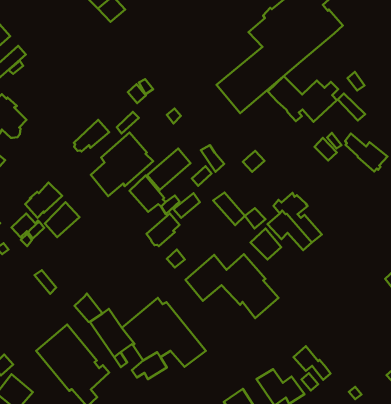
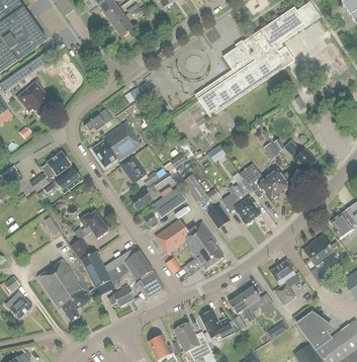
building: [268,76,338,122] -> [240,163,292,199]
building: [147,148,191,190] -> [153,186,186,215]
building: none -> [80,210,107,236]
building: none -> [271,259,297,304]
building: none -> [240,285,278,313]

